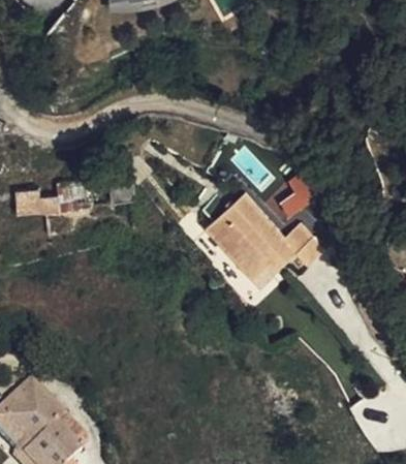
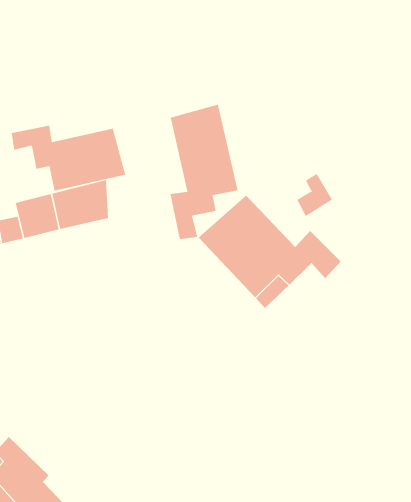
building: none -> [170,104,238,240]
building: none -> [11,125,126,191]

